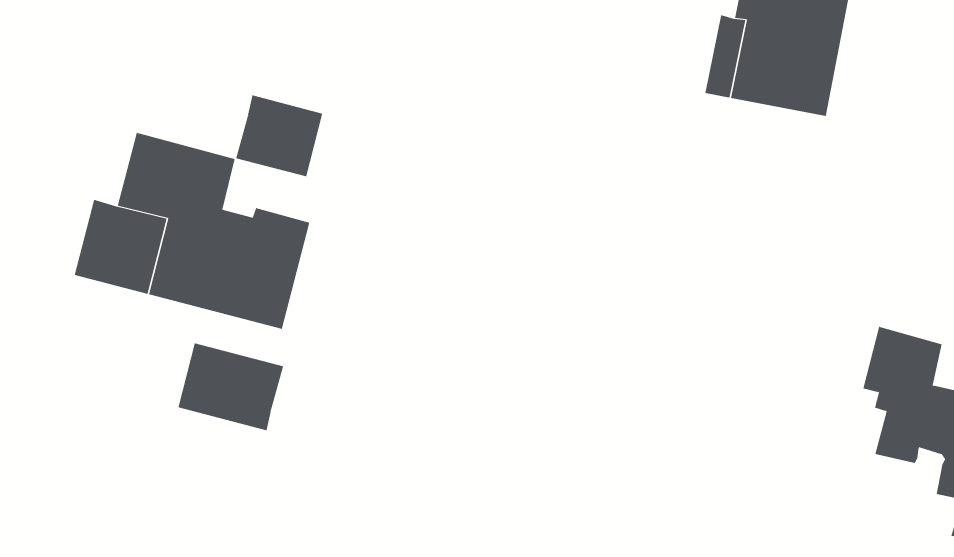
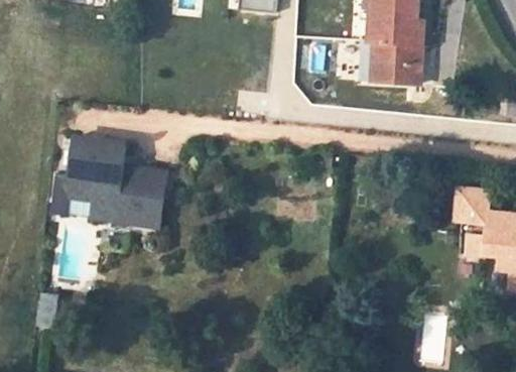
building: [236,95,323,177] -> none
building: [178,343,284,431] -> none

